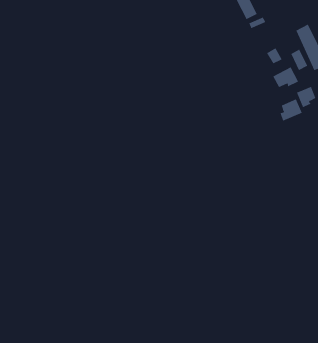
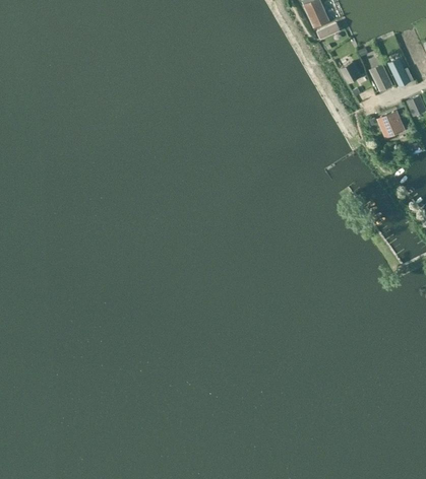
building: [273,67,299,88] -> none
building: [280,99,302,121] -> none

